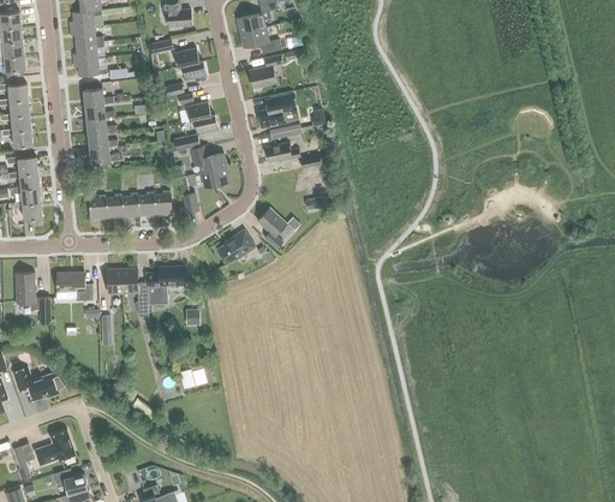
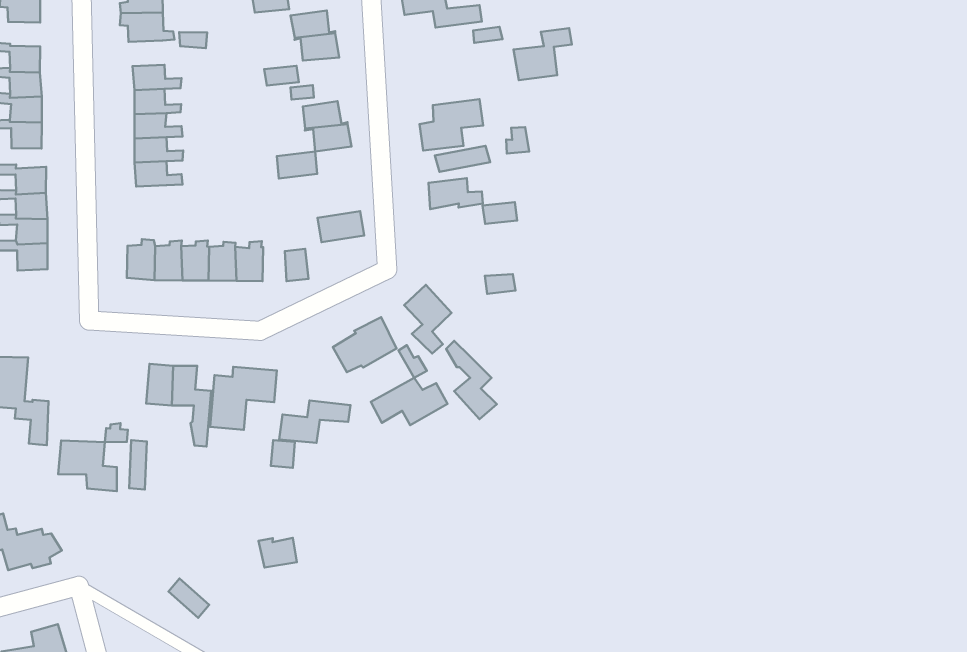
building: [249,54,283,88] -> [513,28,572,80]
building: [191,145,227,173] -> none
building: none -> [446,341,497,419]
building: none -> [371,378,447,425]
building: [58,270,94,299] -> [58,440,117,491]
building: none -> [279,401,350,443]

